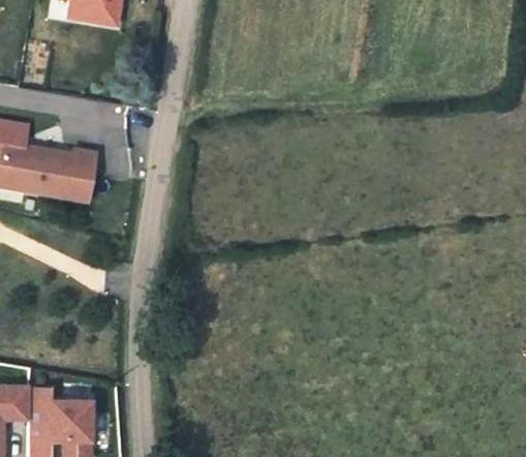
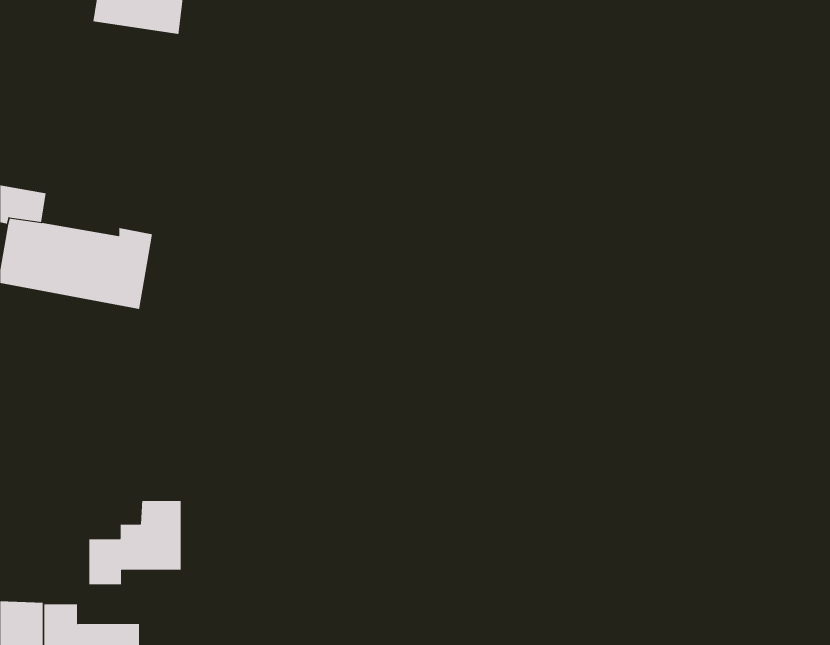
building: none -> [89,500,181,585]

